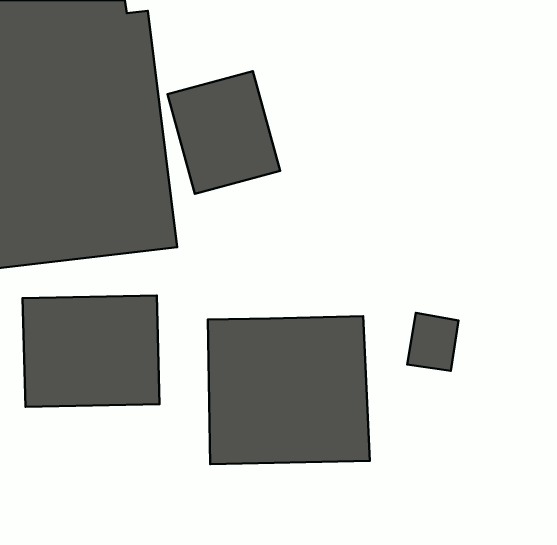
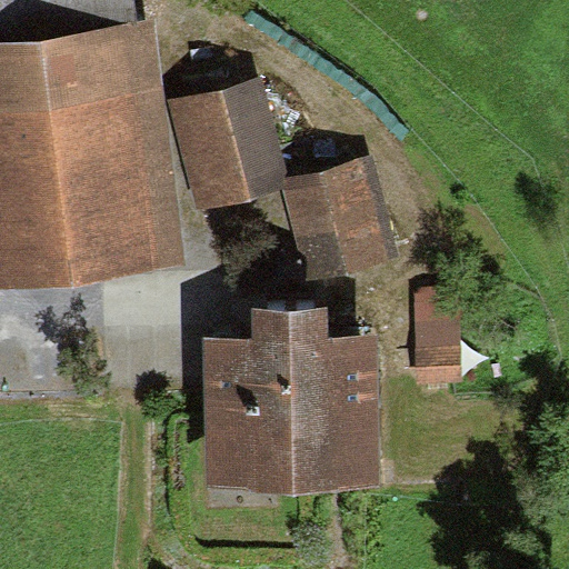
building: none -> [293,172,385,278]
building: [23,295,160,407] -> none

